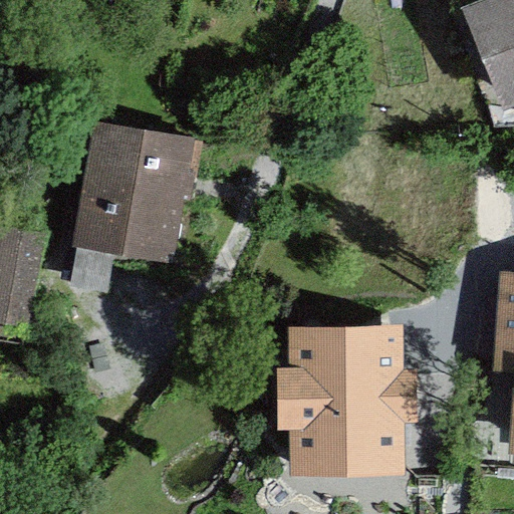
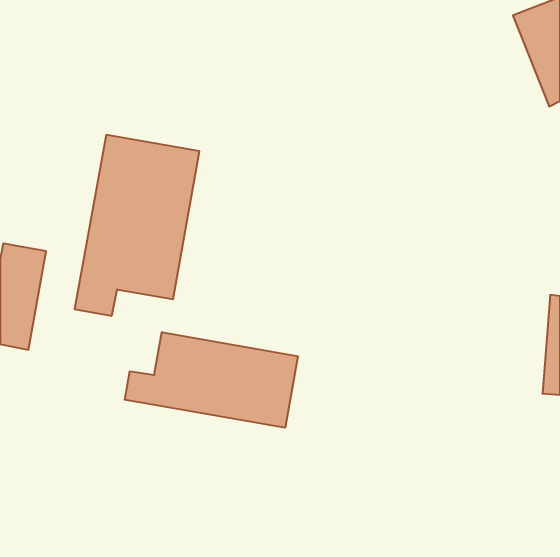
building: none -> [125,332,298,428]
building: [290,330,410,453] -> none

